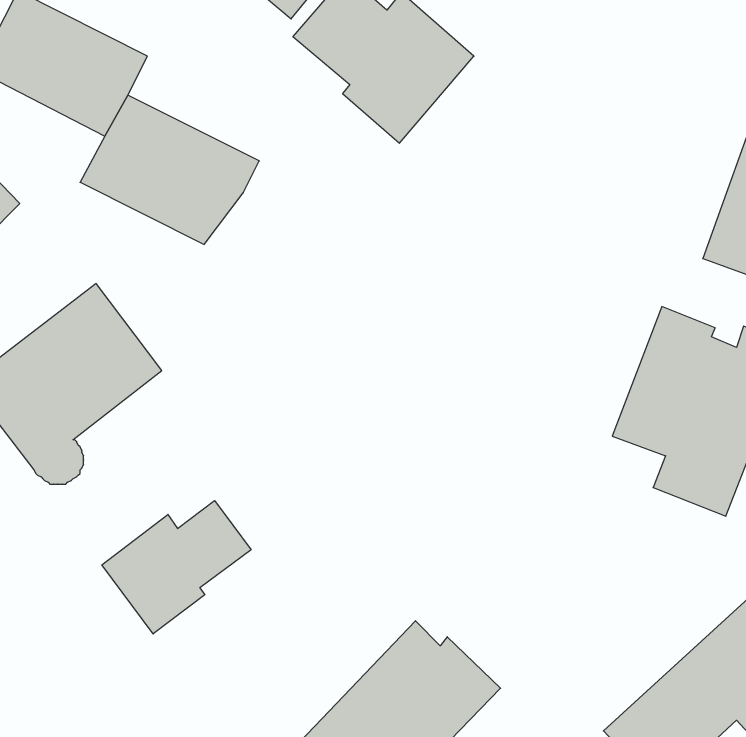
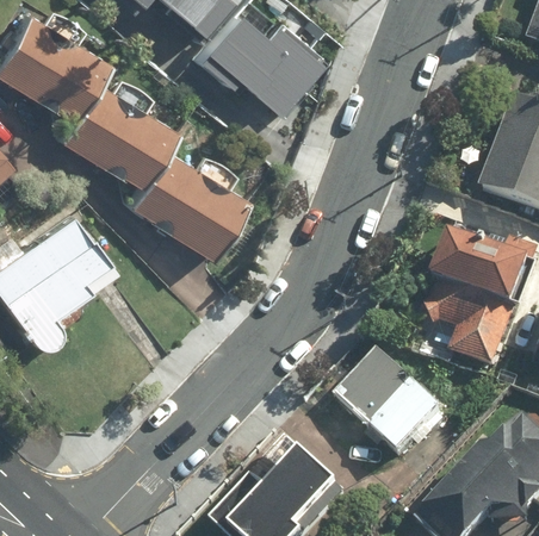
building: none -> [131,151,248,255]
building: none -> [333,348,445,457]
building: [102,501,251,634] -> none

